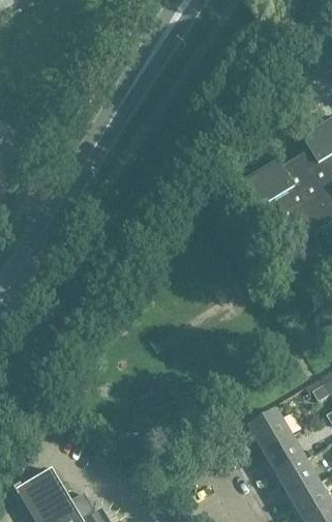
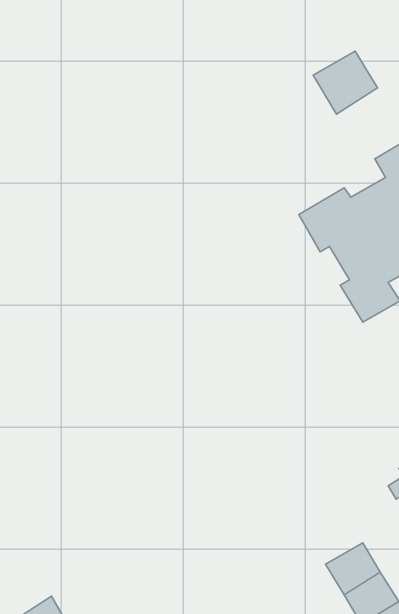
building: none -> [313,51,378,114]
building: [249,410,292,451] -> none

